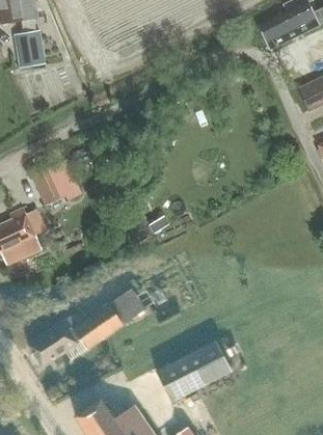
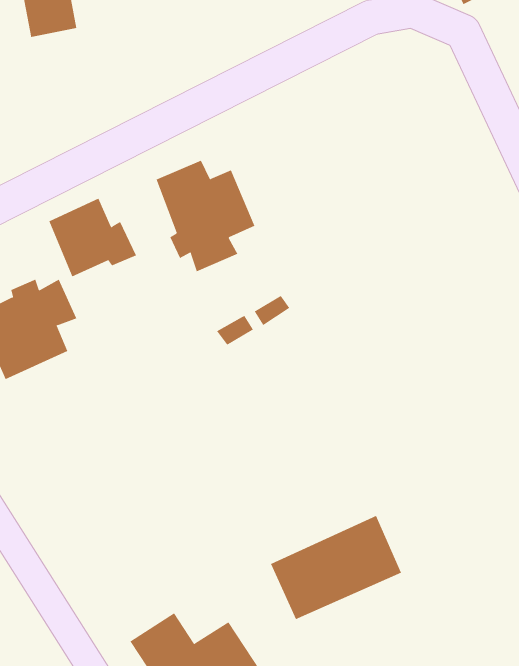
building: none -> [156,160,255,272]
building: [28,289,145,368] -> none

